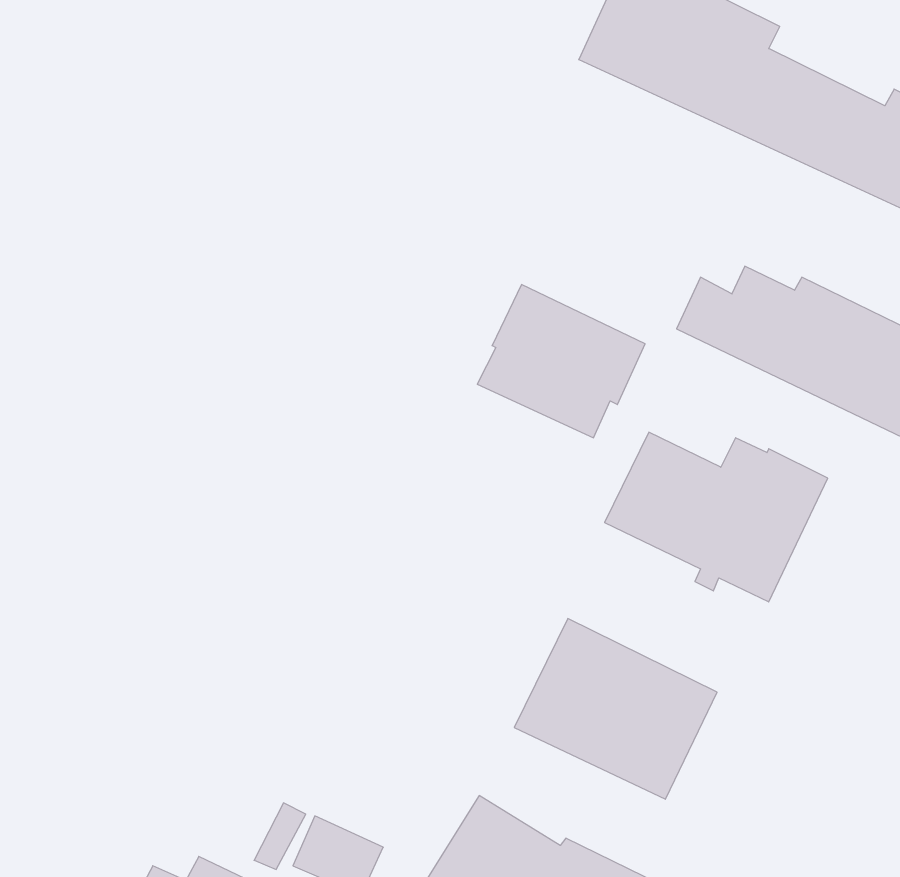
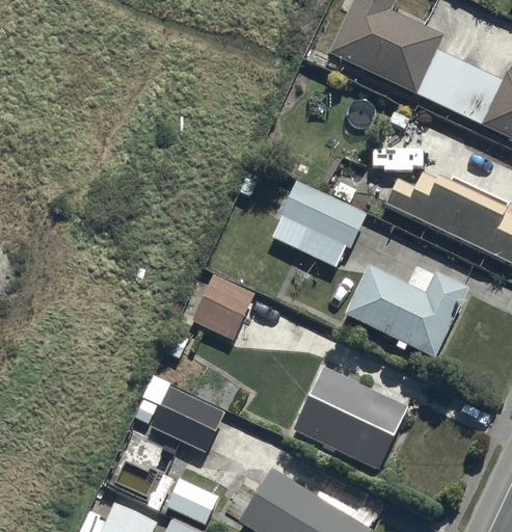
building: none -> [191,275,254,340]
building: none -> [135,374,225,453]

